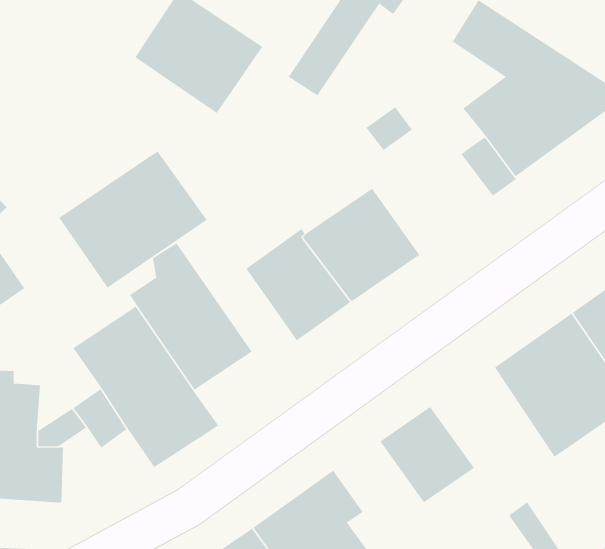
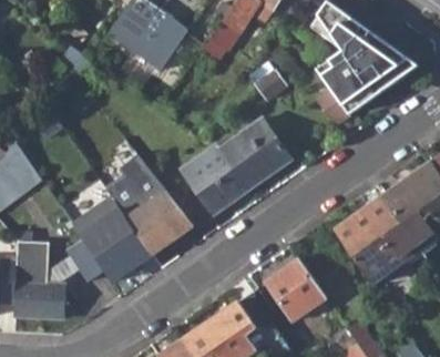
building: [59,151,208,289] -> none

